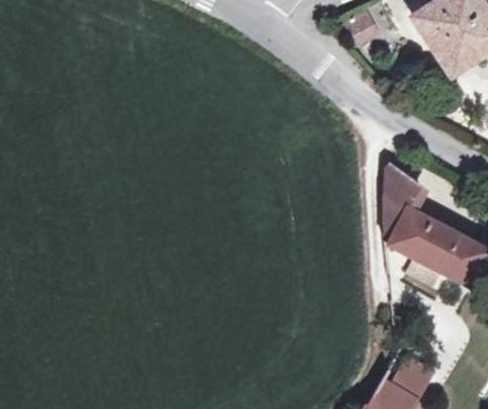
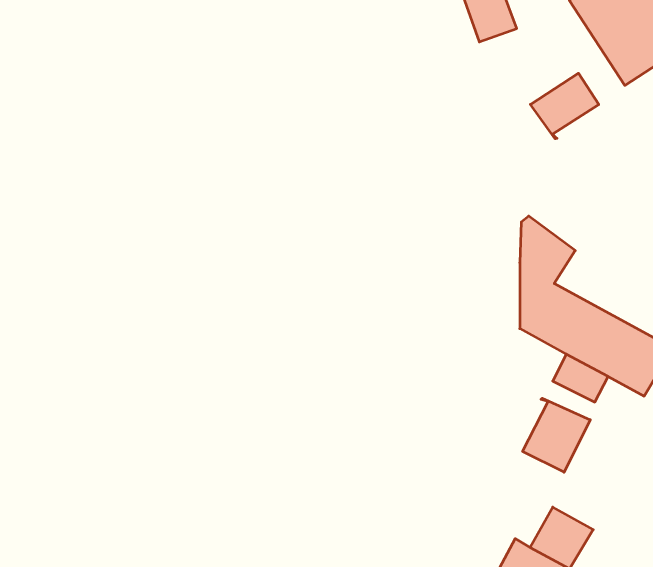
building: none -> [530,73,599,139]
building: none -> [523,398,590,472]

